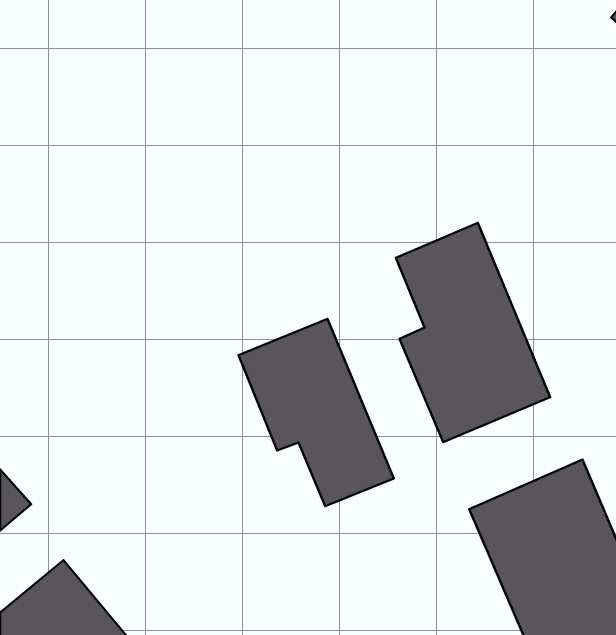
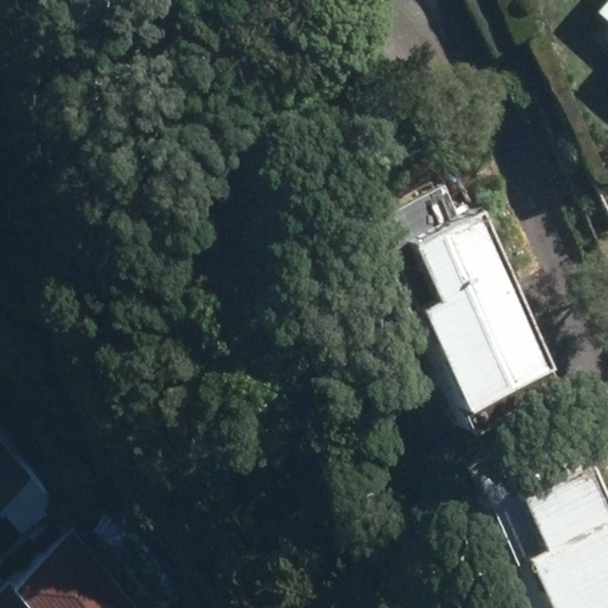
building: [238,319,394,506] -> none

